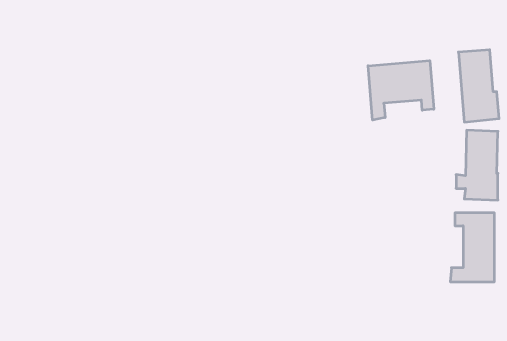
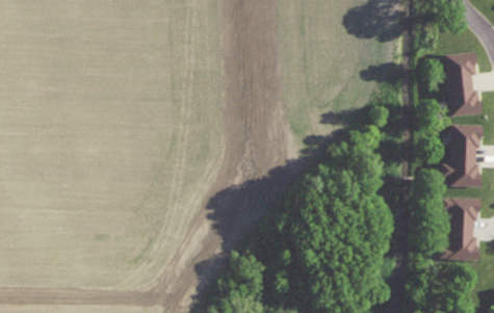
building: [368,61,434,120] -> none

